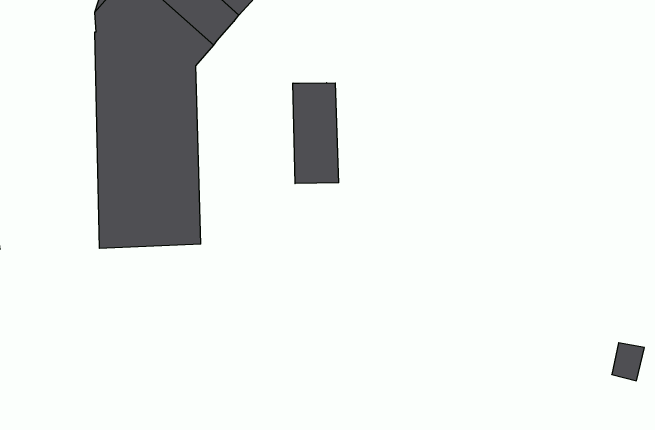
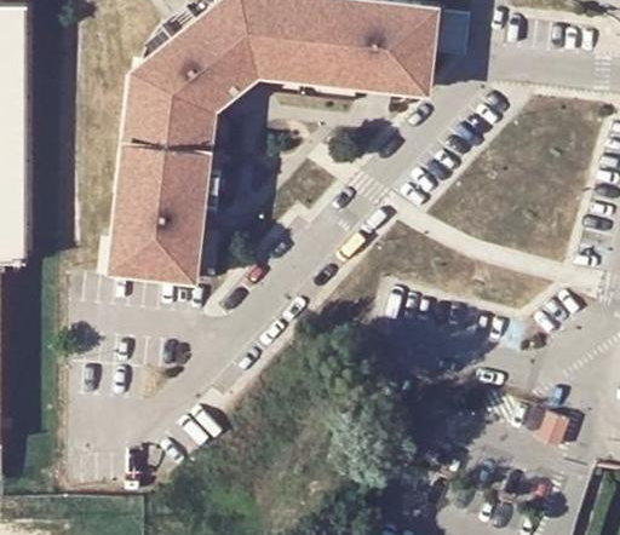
building: [293,83,339,184] -> none

